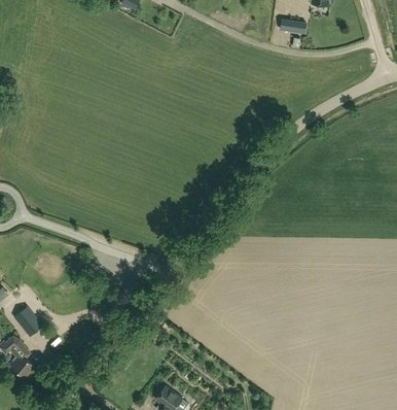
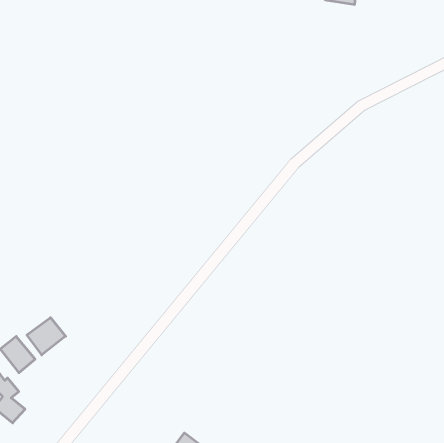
building: none -> [27,318,66,355]

